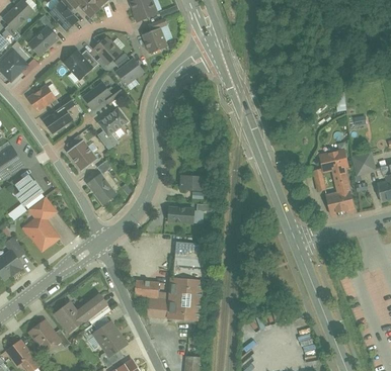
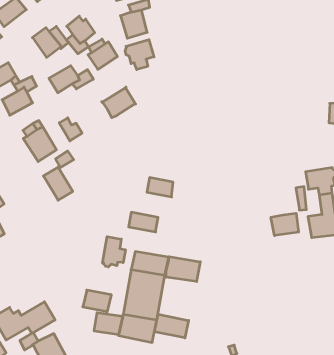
building: none -> [125,40,154,70]
building: [97,107,128,135] -> [102,87,136,118]
building: none -> [271,213,299,236]
building: none -> [103,237,125,267]
building: none -> [166,257,200,282]
building: none -> [154,314,189,338]

